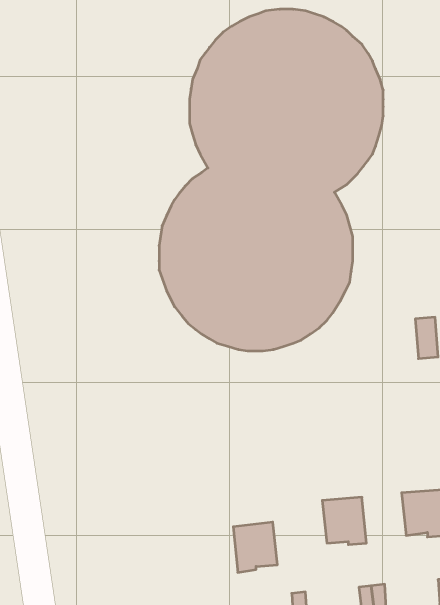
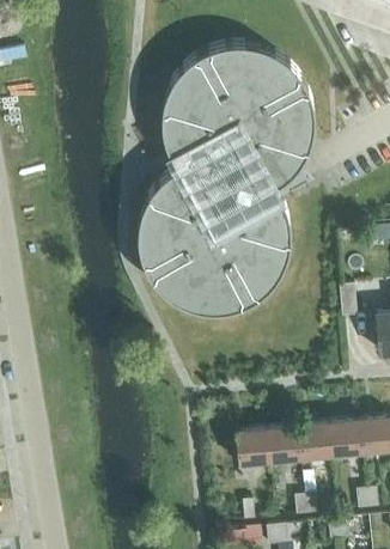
building: none -> [297,422,331,462]
building: [233,522,277,572] -> [234,428,269,468]

